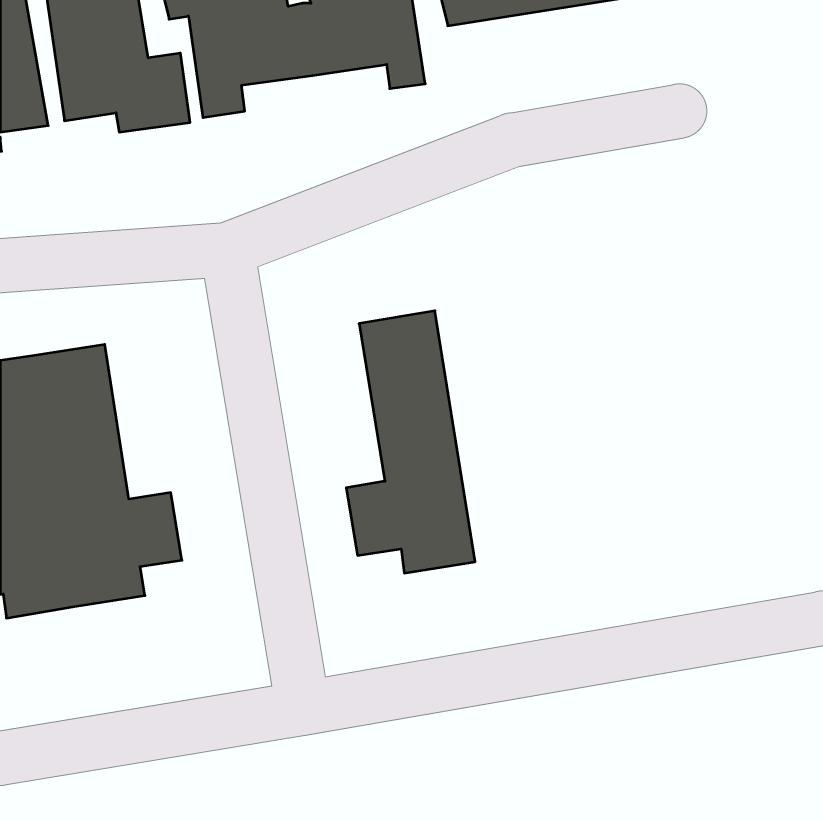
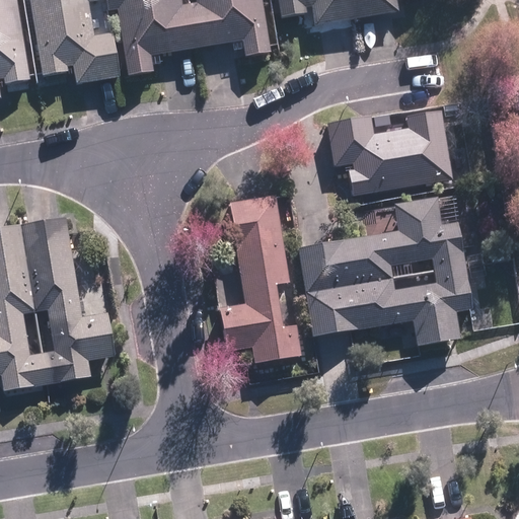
building: none -> [335,114,452,199]
building: none -> [299,200,471,345]

